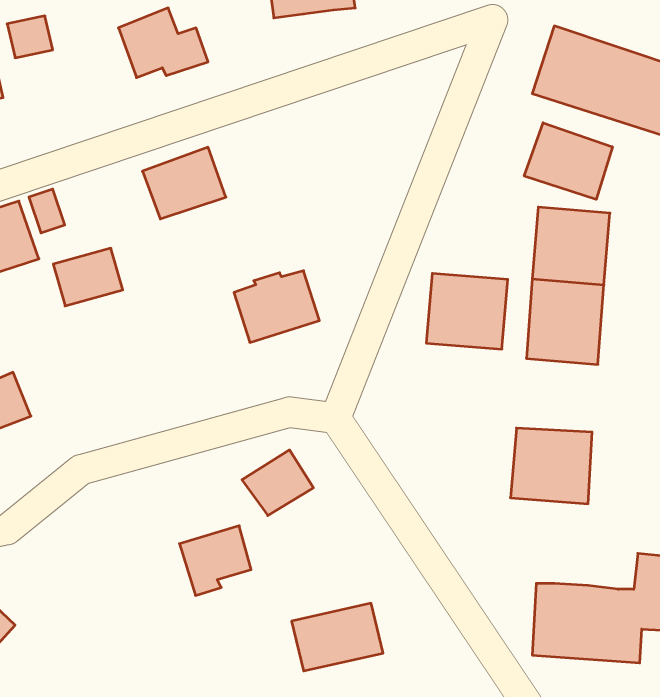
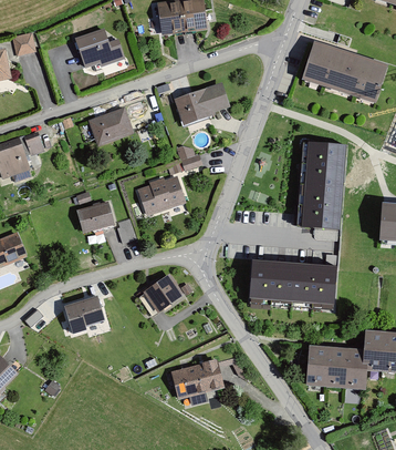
building: none -> [175,84,228,125]
building: [524,123,612,199] -> none
building: [53,248,123,306] -> [75,201,114,233]
building: [426,273,508,349] -> [250,259,295,301]
building: [179,526,251,595] -> [61,296,101,335]

